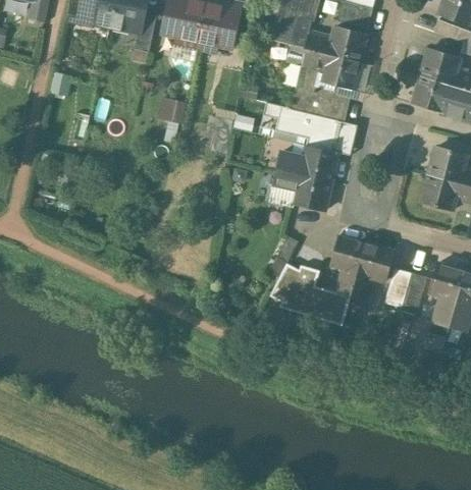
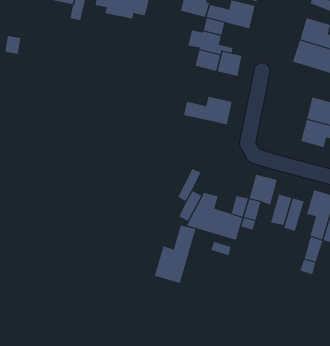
building: [320,54,358,89] -> none
building: [158,95,188,121] -> none
building: [273,105,344,144] -> none
building: [272,169,330,210] -> none
building: [329,235,365,273] -> none
building: none -> [154,224,196,284]

